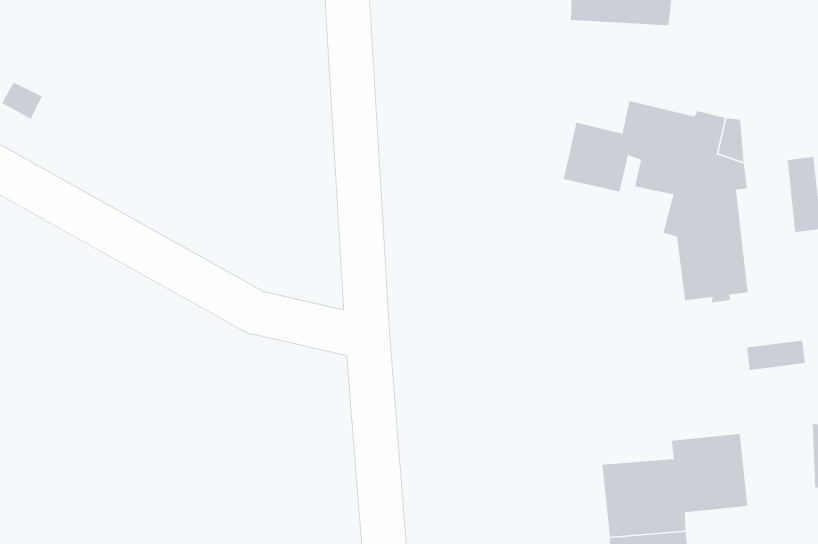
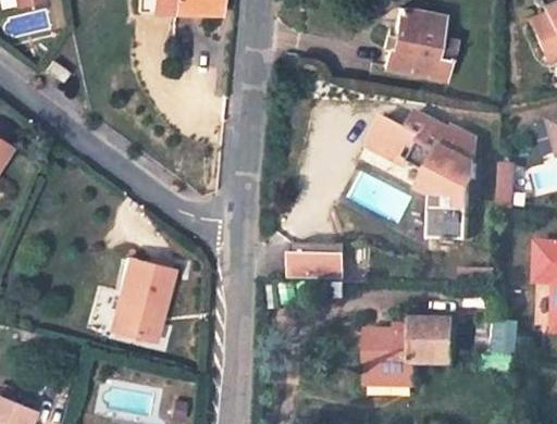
building: none -> [293,245,344,280]
building: none -> [112,250,177,334]

